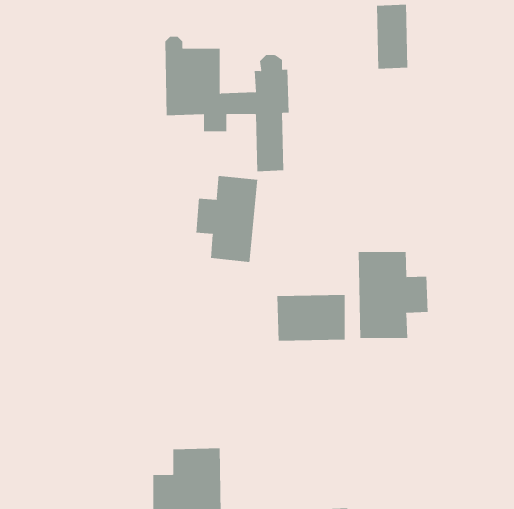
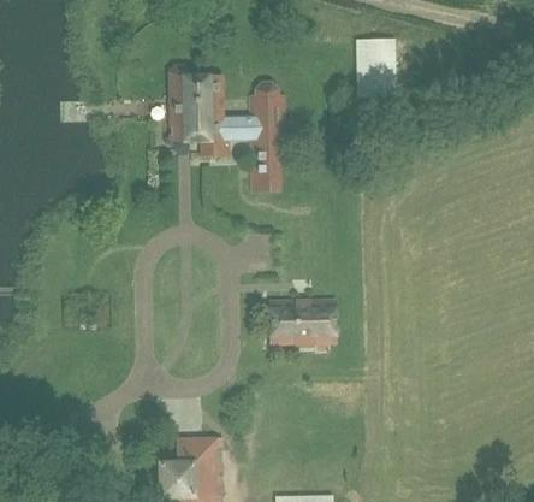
building: [196,175,258,263] -> none
building: [358,251,428,339] -> none

